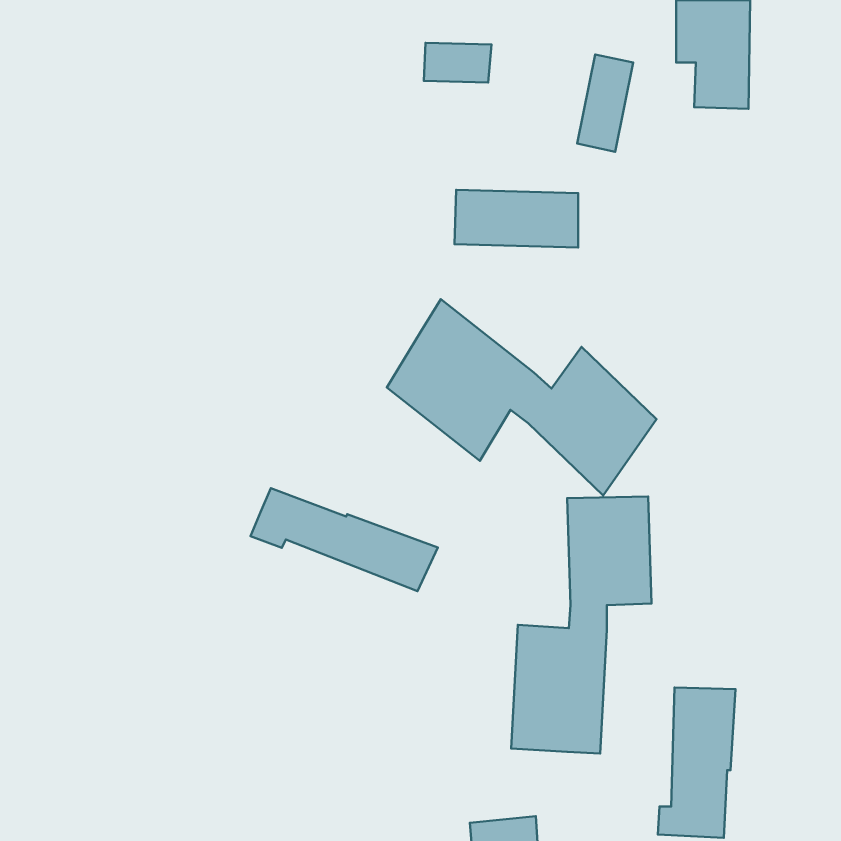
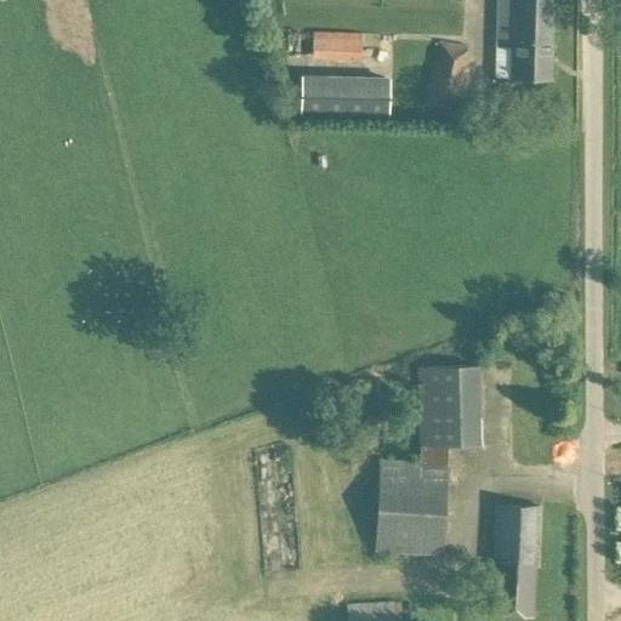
building: [455,190,578,247] -> [310,73,401,115]
building: [387,299,656,495] -> none
building: [250,488,438,591] -> none

